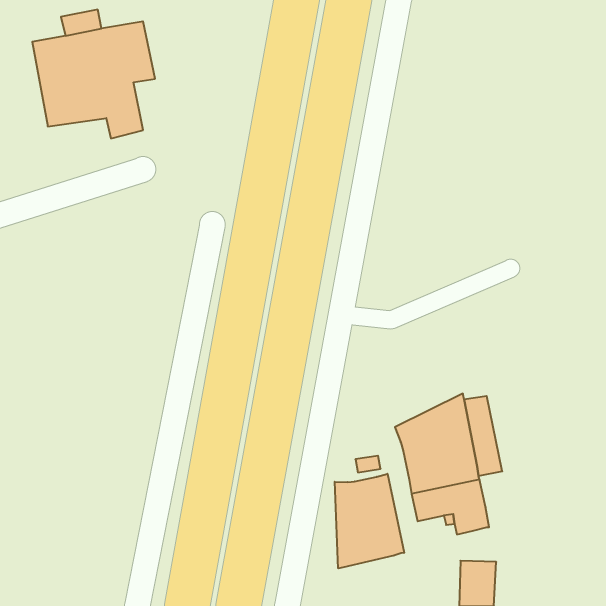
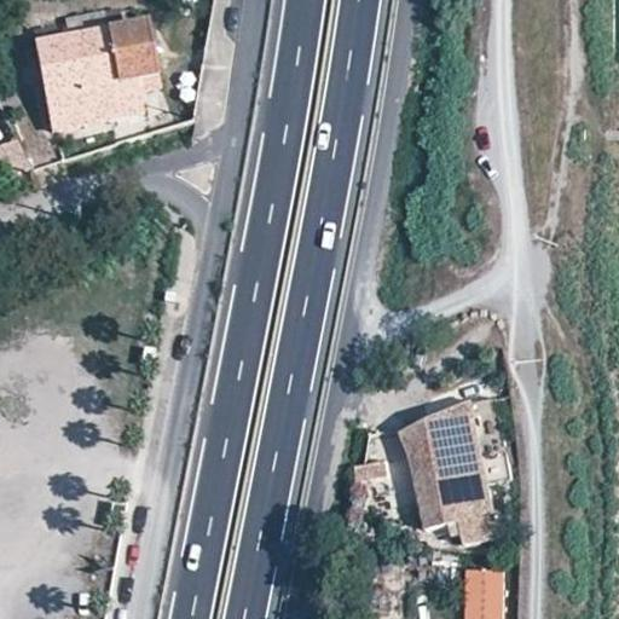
building: [335,474,404,568] -> none

